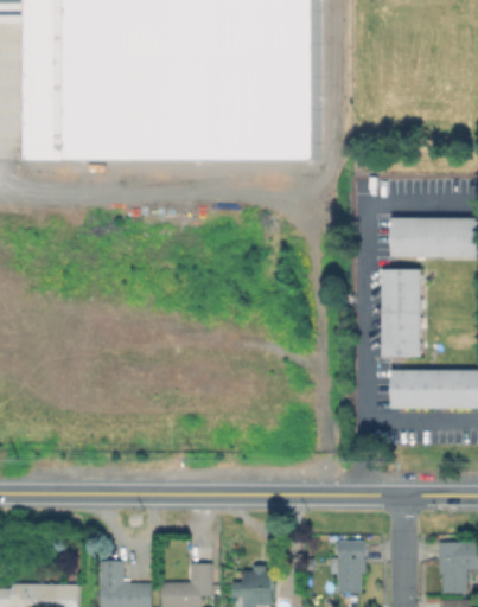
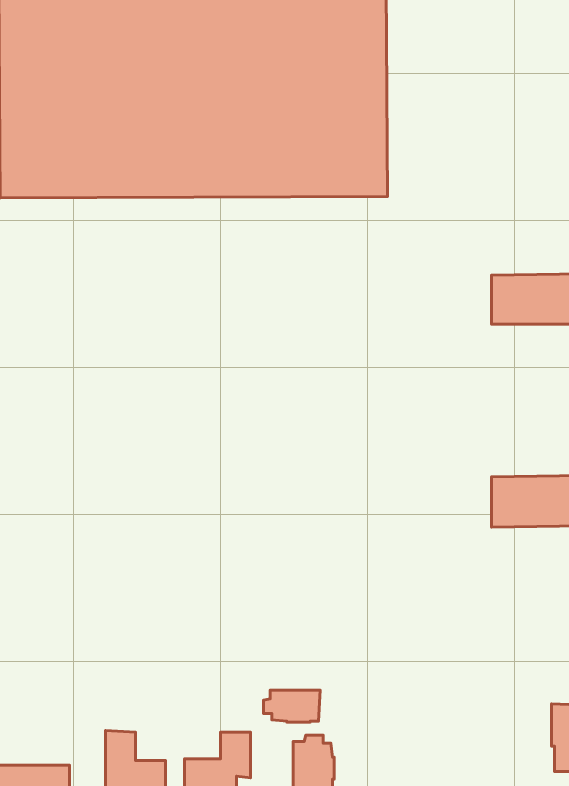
building: [381,269,418,356] -> none
building: none -> [264,690,320,722]
building: [325,539,362,592] -> none

